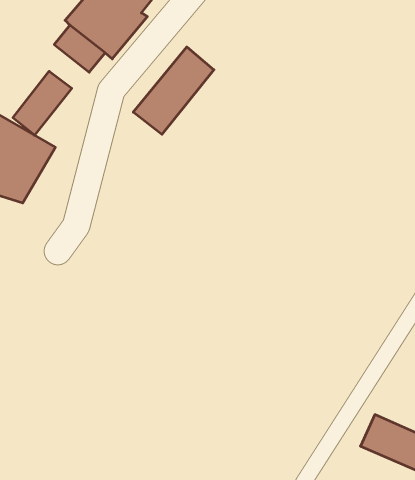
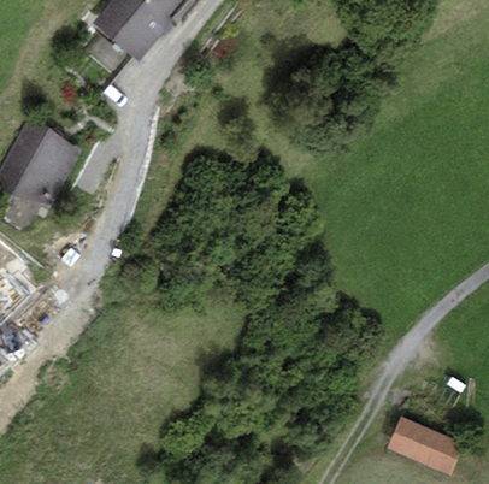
building: [133,47,214,134] -> none
building: [13,71,72,135] -> none

